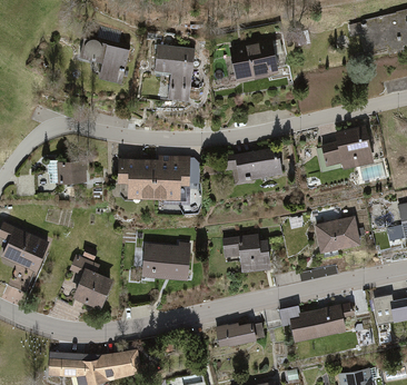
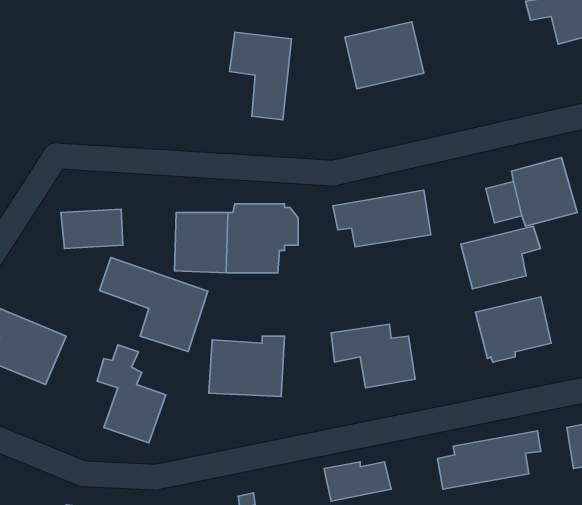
building: [76,36,129,82] -> none
building: none -> [461,226,541,289]
building: none -> [100,258,208,352]

